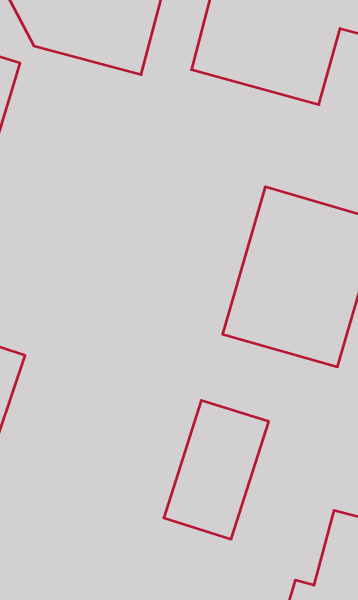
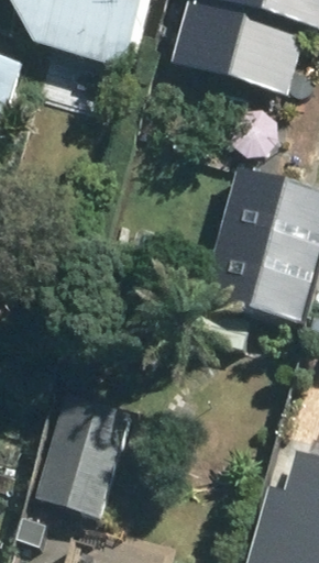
building: [164,400,269,539] -> [31,391,123,514]

